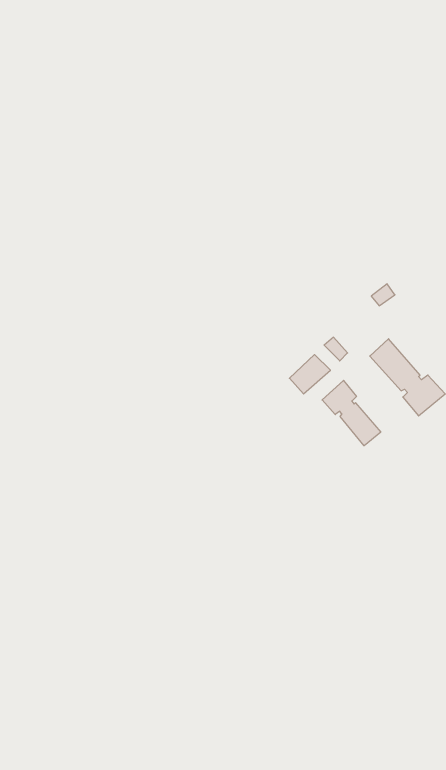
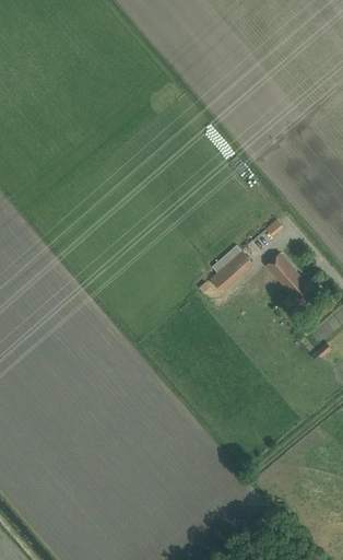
building: [322,380,381,446] -> none

